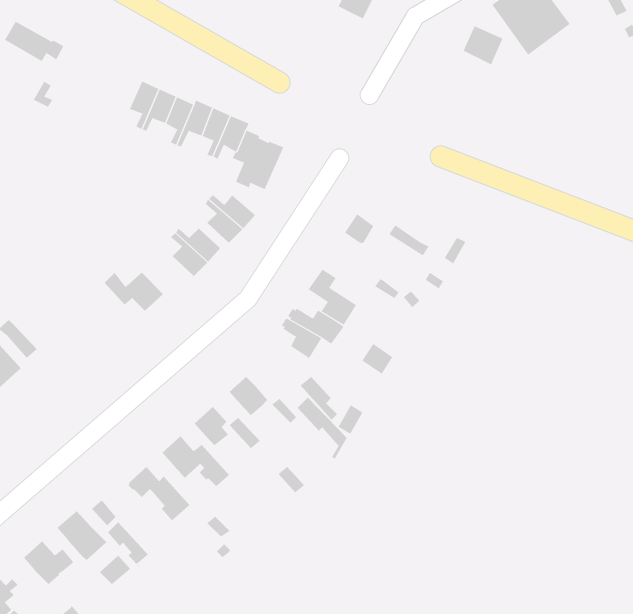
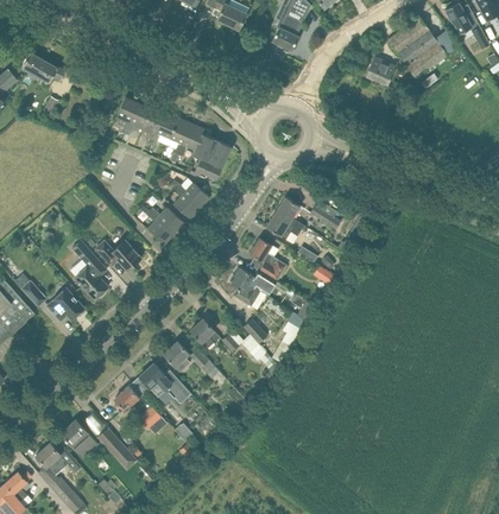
building: none -> [266,211,309,240]
building: none -> [75,248,108,300]
building: none -> [48,288,84,321]

